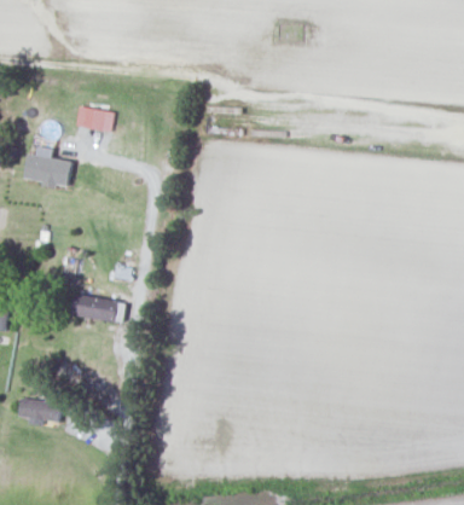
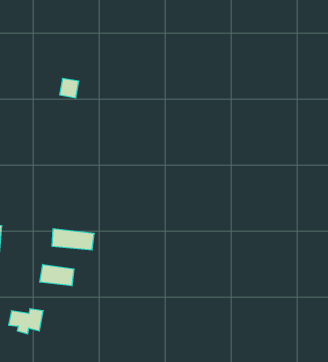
building: [24,146,72,186] -> none
building: none -> [40,264,74,286]

